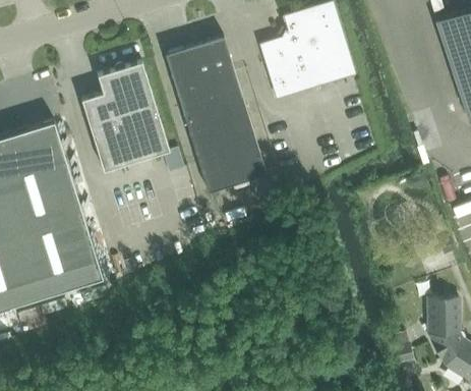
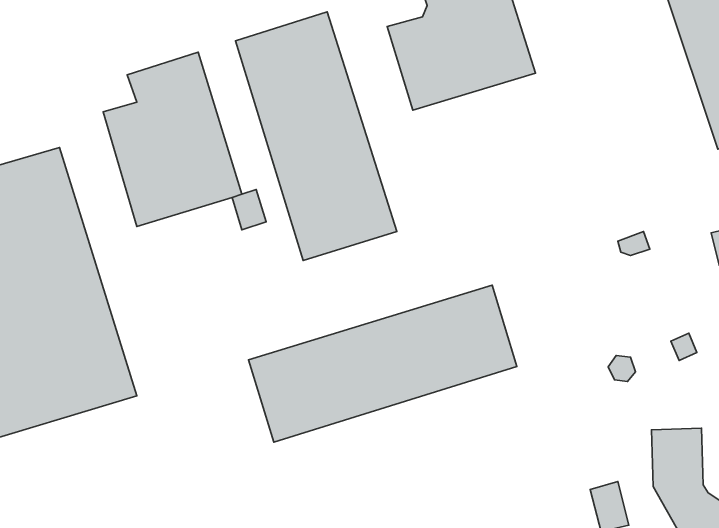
building: none -> [248,285,517,442]

